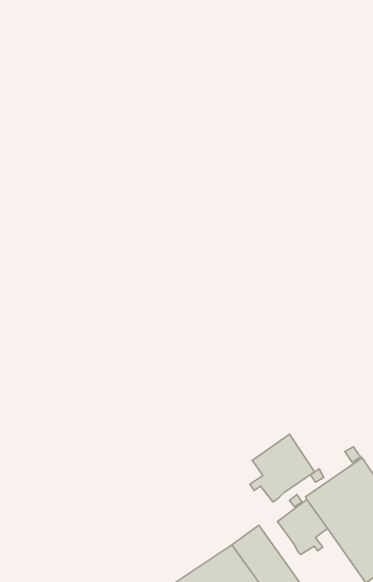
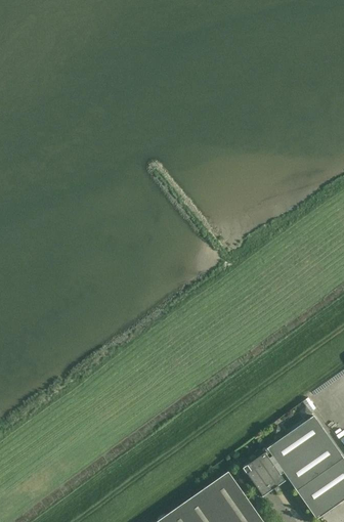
building: [250,434,315,502] -> none

